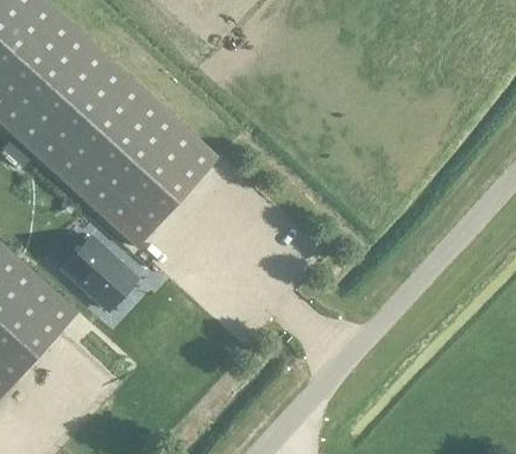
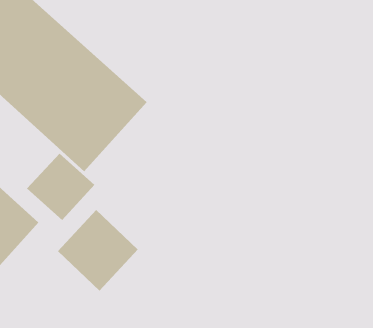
building: none -> [57,209,139,292]

